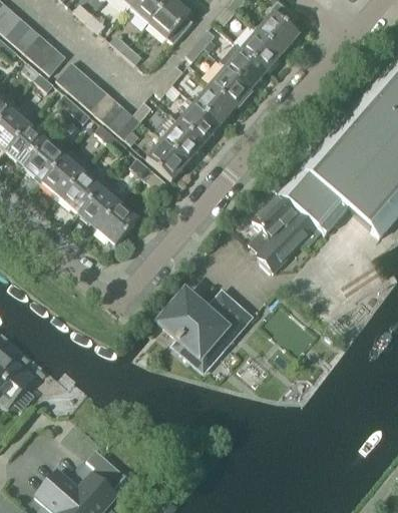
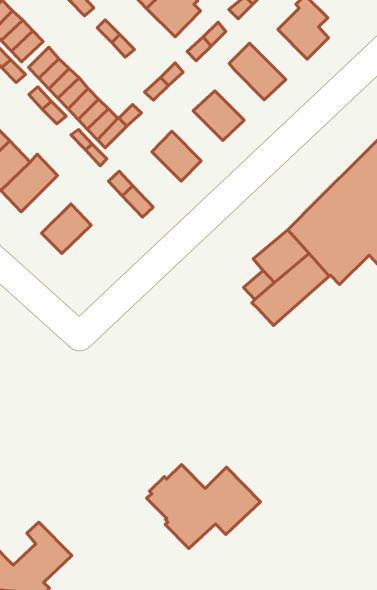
building: [241,31,283,71] -> none
building: [210,67,251,107] -> none
building: [177,103,220,143] -> none
building: [145,139,188,180] -> none
building: [60,165,106,213] -> none
building: [96,203,137,245] -> none
building: [159,291,253,360] -> [147,464,261,549]

